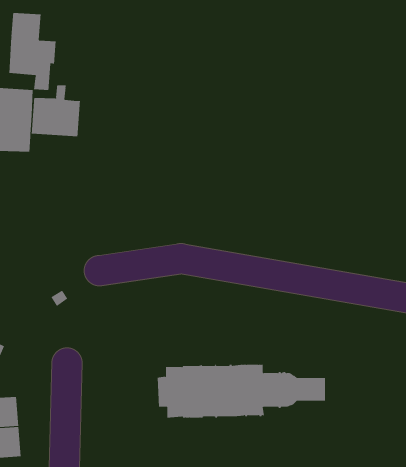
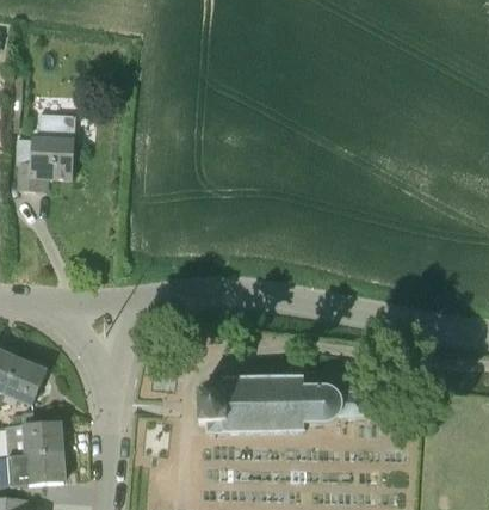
building: [9,12,56,91] -> none
building: [31,84,80,137] -> none

